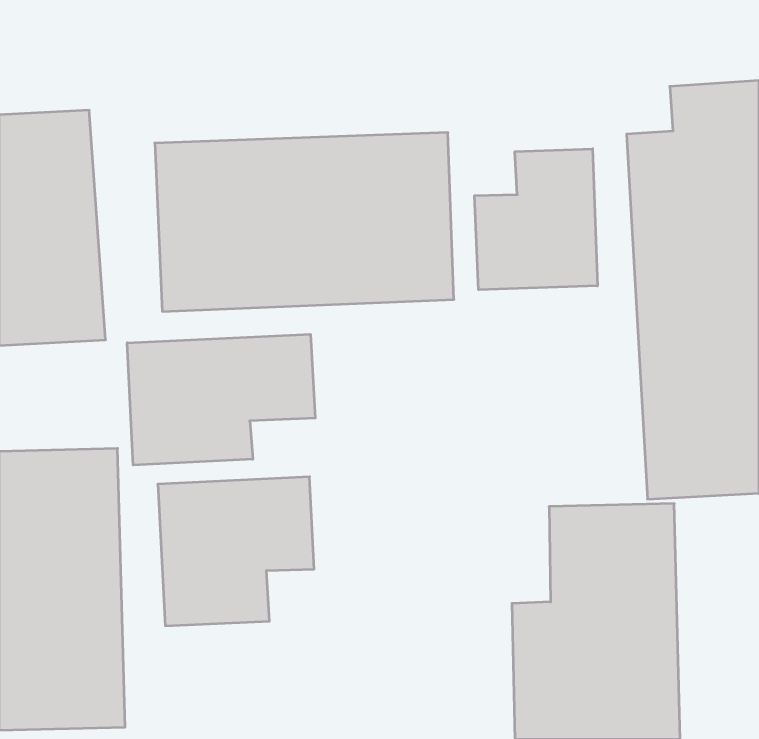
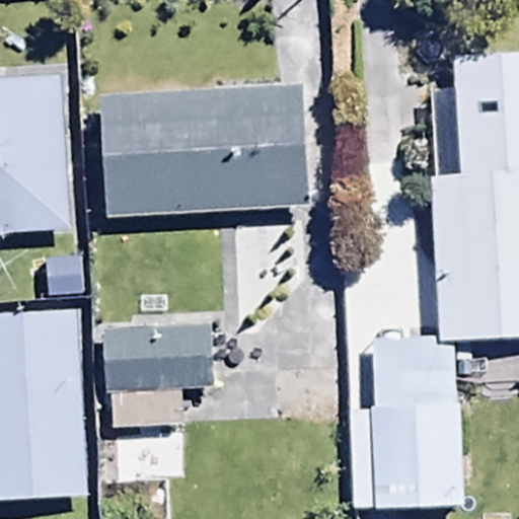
building: [475,149,597,290] -> none
building: [127,334,315,465] -> none

